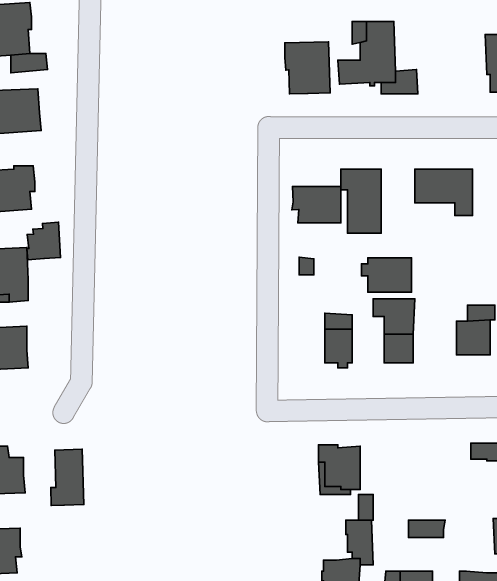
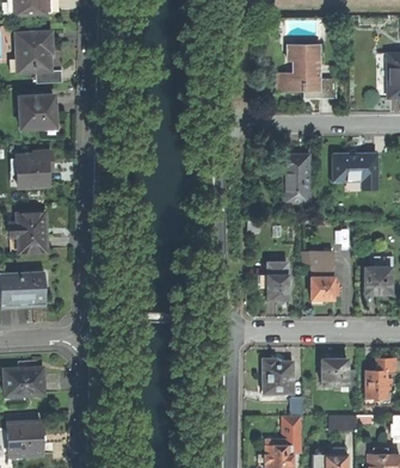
building: [285,42,330,94] -> none
building: [292,186,341,223] -> none
building: [27,222,60,260] -> none
building: [362,258,412,292] -> none
building: none -> [322,358,349,384]
building: [51,449,84,506] -> none
building: none -> [365,370,388,398]

